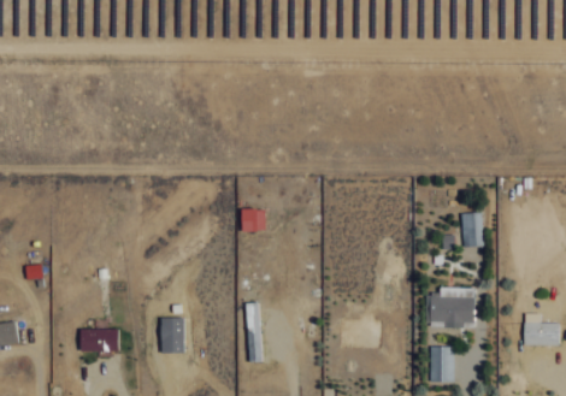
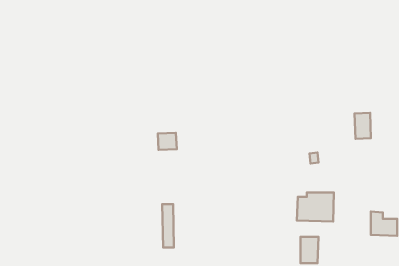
building: [461,212,483,247] -> [355,113,371,139]
building: [160,318,184,353] -> none
building: [79,329,118,351] -> none

